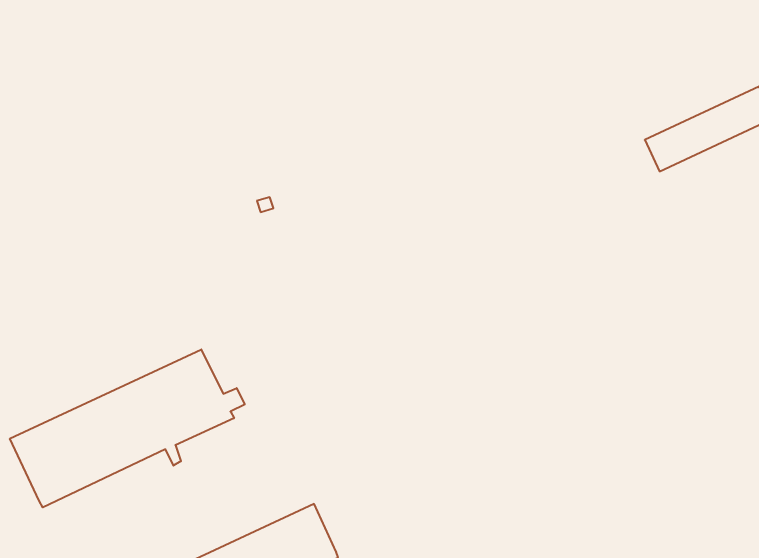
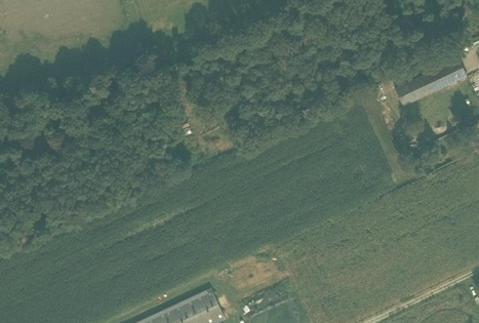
building: [10,349,245,507] -> none

